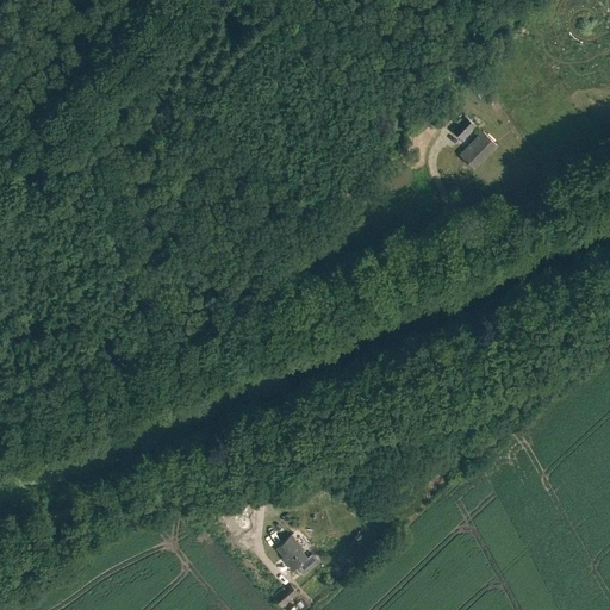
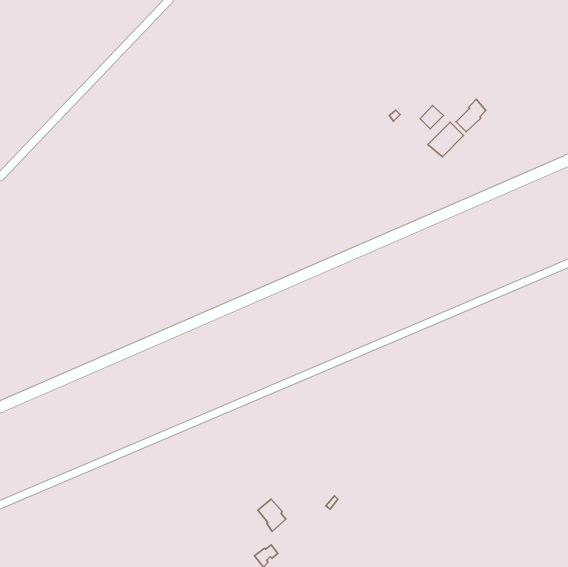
building: none -> [456,99,486,132]

